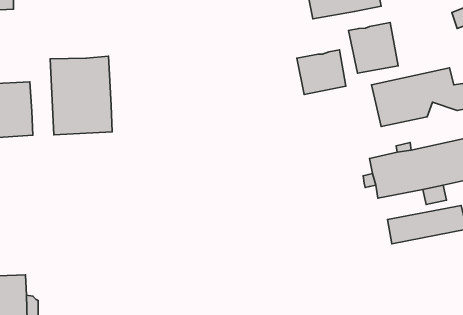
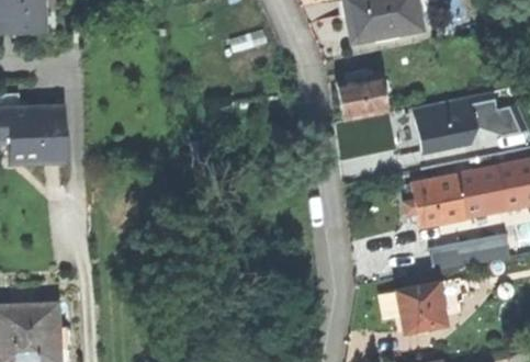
building: [349,23,398,73] -> none
building: [50,56,112,135] -> none
building: none -> [396,279,463,331]

